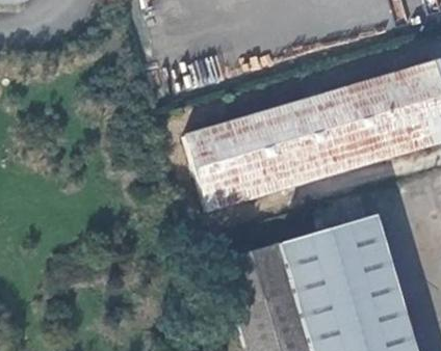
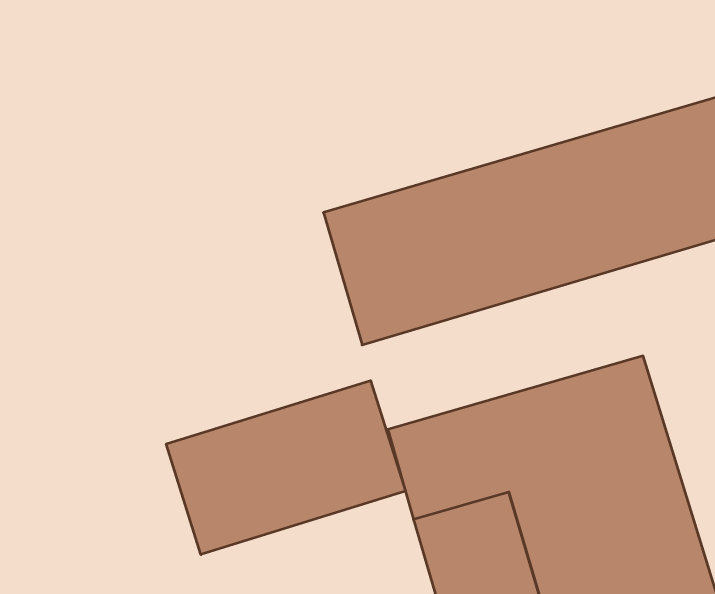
building: none -> [166,381,405,555]

